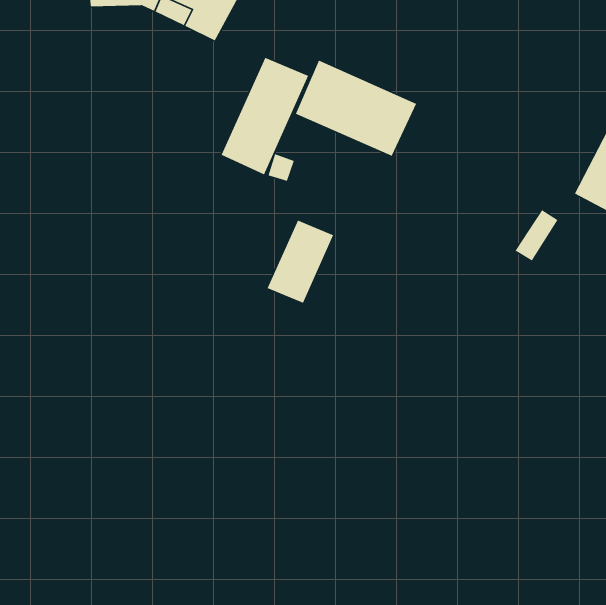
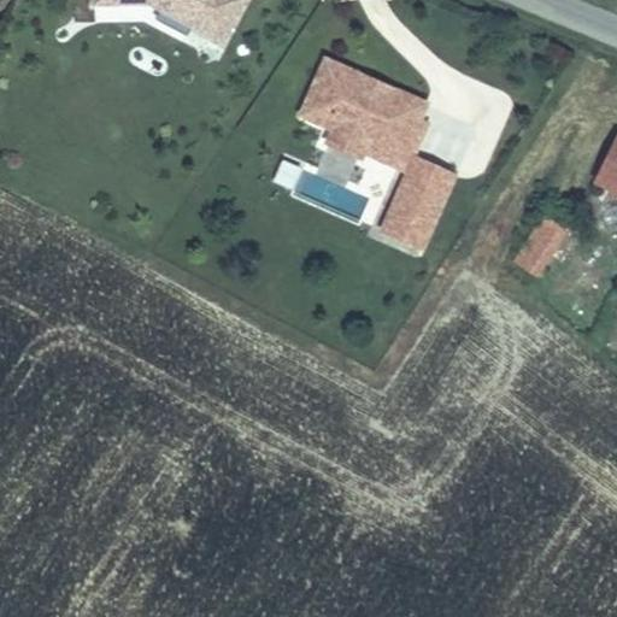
building: [220,57,309,176] -> none
building: [267,219,334,304] -> [392,151,460,236]

